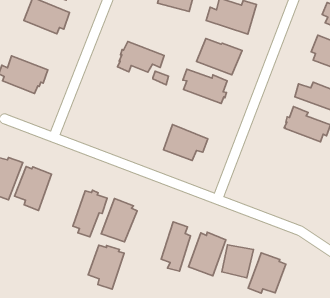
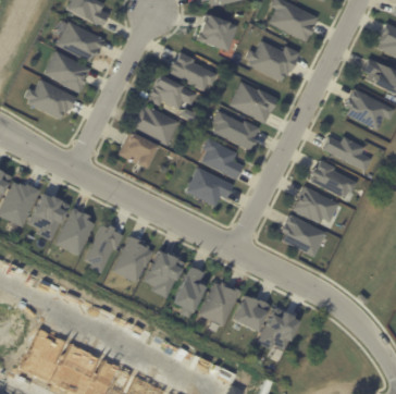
building: none -> [169,53,216,93]
building: none -> [44,50,90,91]
building: none -> [135,108,182,147]
building: none -> [201,137,244,180]
building: none -> [121,134,161,171]
building: none -> [295,187,342,225]
building: none -> [285,217,329,258]
building: none -> [55,207,95,256]
building: [88,245,124,289] -> [144,251,183,298]

